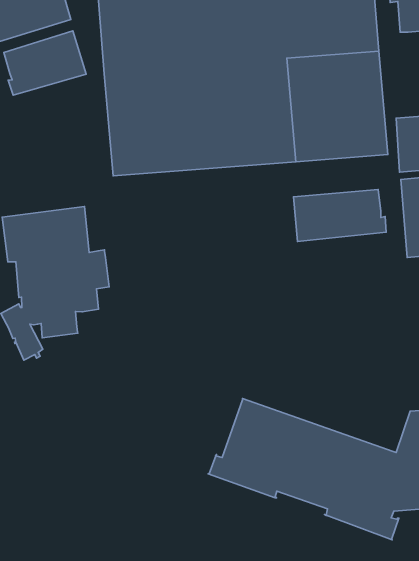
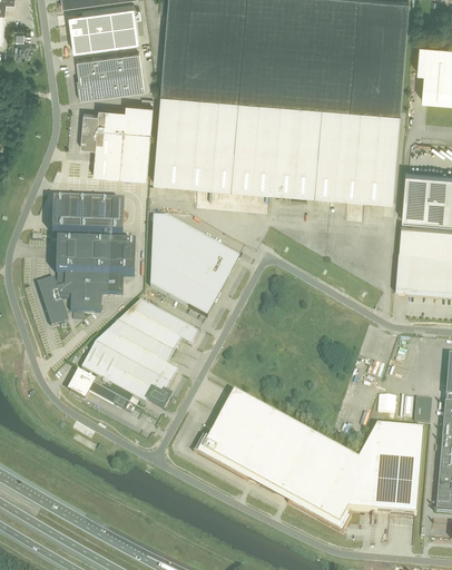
building: none -> [80,101,153,178]
building: [294,189,386,242] -> none
building: none -> [150,215,240,316]
building: none -> [70,301,198,407]

